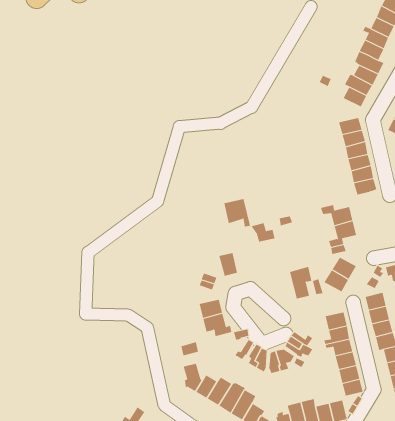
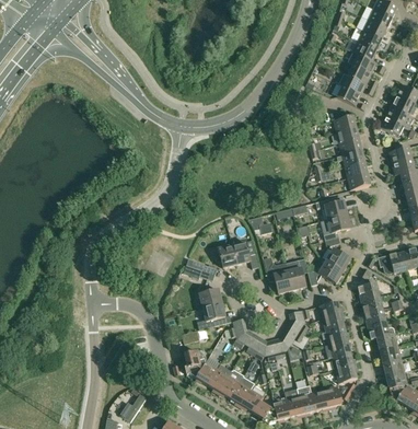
building: [223,199,251,227] -> [232,240,258,267]
building: none -> [264,256,292,292]

